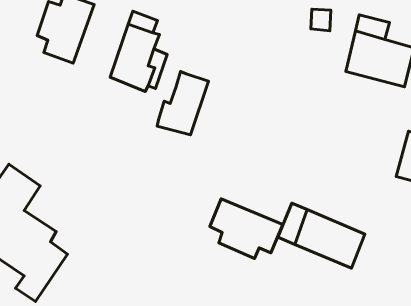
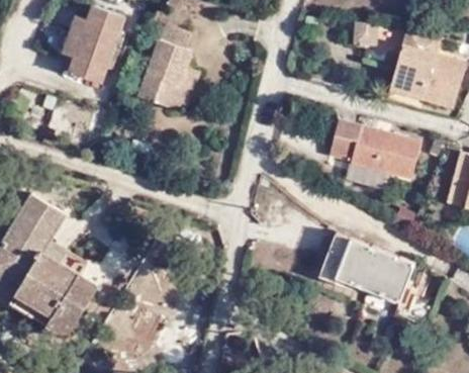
building: [157,71,209,135] -> none
building: none -> [326,123,415,191]
building: [210,199,283,258] -> none

